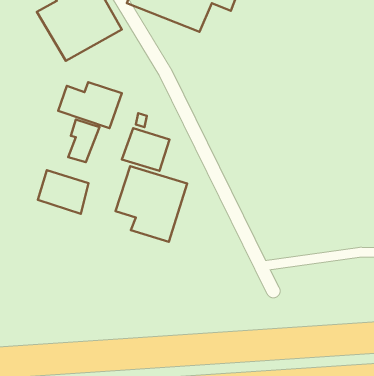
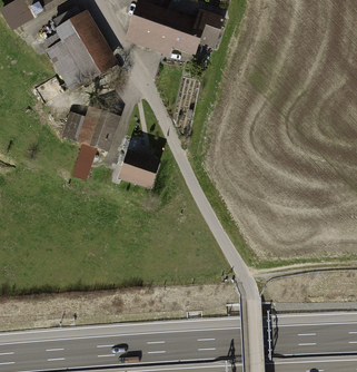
building: [115,166,187,242] -> none
building: [38,170,89,214] -> none

